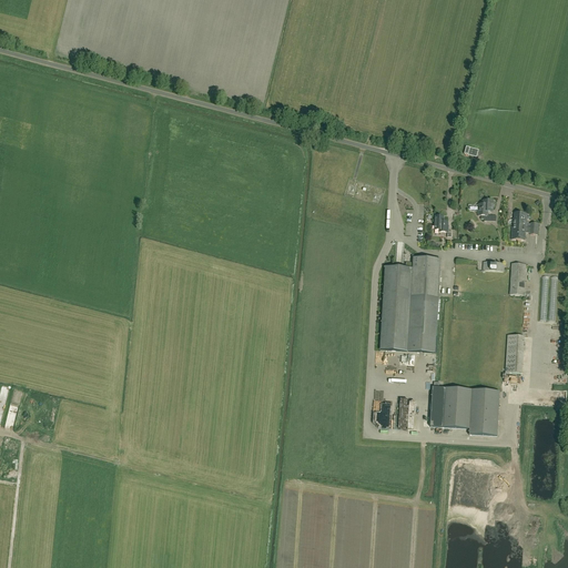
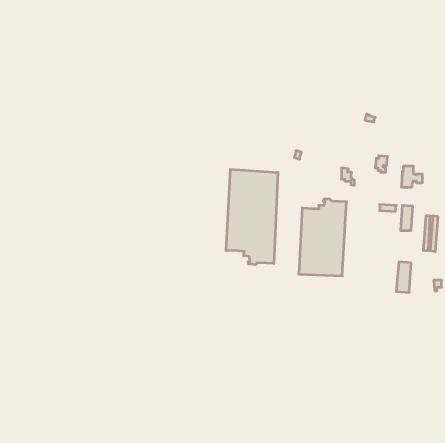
building: none -> [226,169,278,265]
building: [429,381,499,435] -> none

